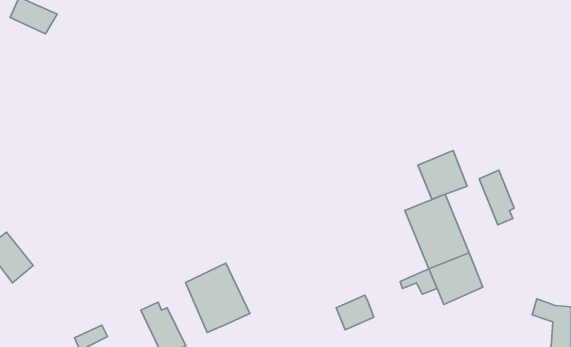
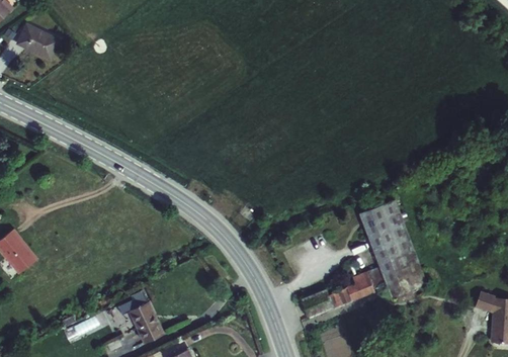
building: [418,151,467,199] -> none
building: [479,170,514,225] -> none
building: [185,263,250,333] -> none
building: none -> [327,277,375,307]

